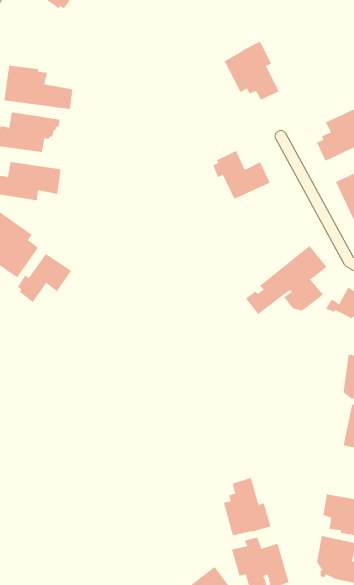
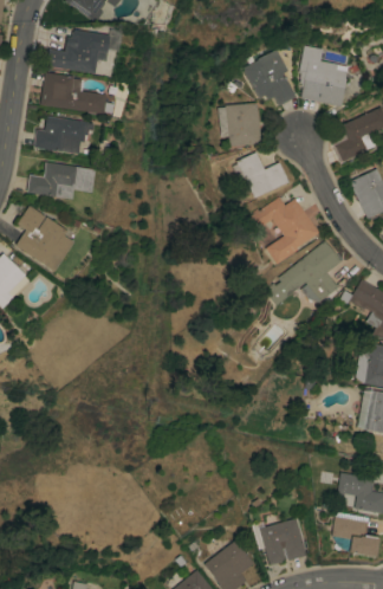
building: none -> [46,30,109,73]
building: none -> [300,45,349,106]
building: none -> [221,103,262,145]
building: none -> [249,196,320,264]
building: [17,253,72,303] -> none
building: [223,477,271,536] -> none

